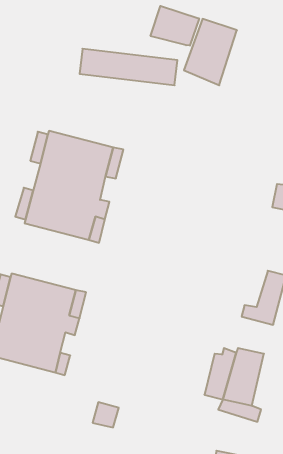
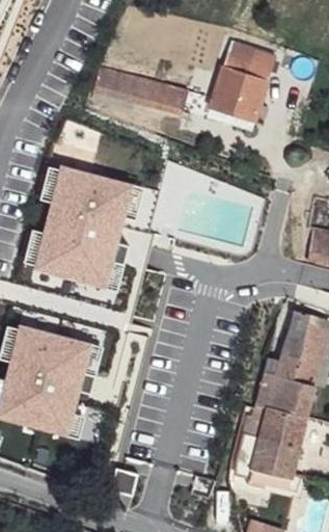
building: [151,6,199,46] -> none
building: none -> [256,371,311,414]

